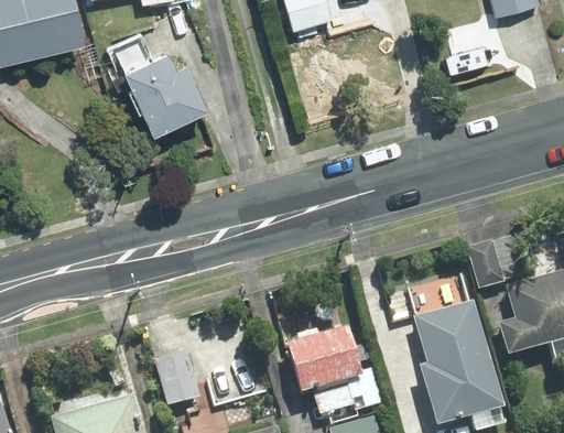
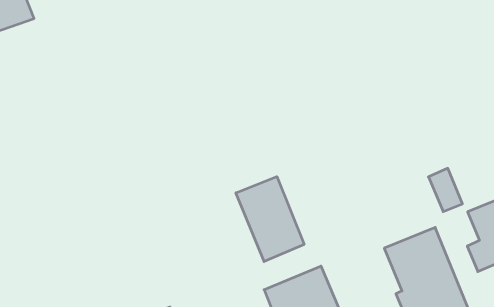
building: [126,53,200,130] -> none
building: none -> [236,177,304,262]

